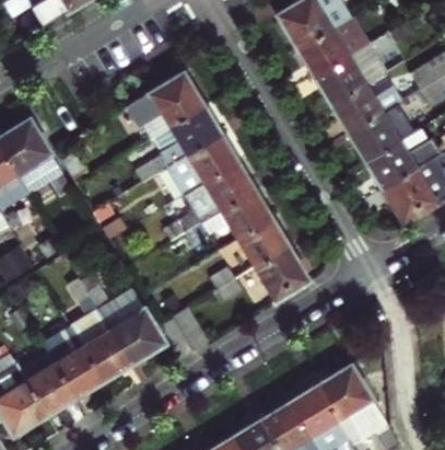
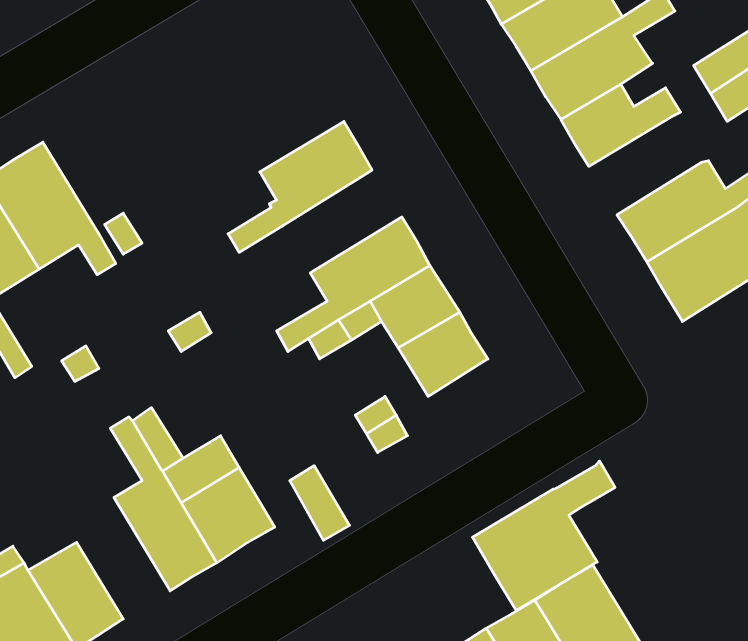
building: [130,71,204,138] -> none
building: [348,102,413,160] -> none
building: [168,134,238,194] -> none
building: [254,244,309,300] -> none
building: none -> [472,461,615,610]
building: [43,325,103,396] -> none

